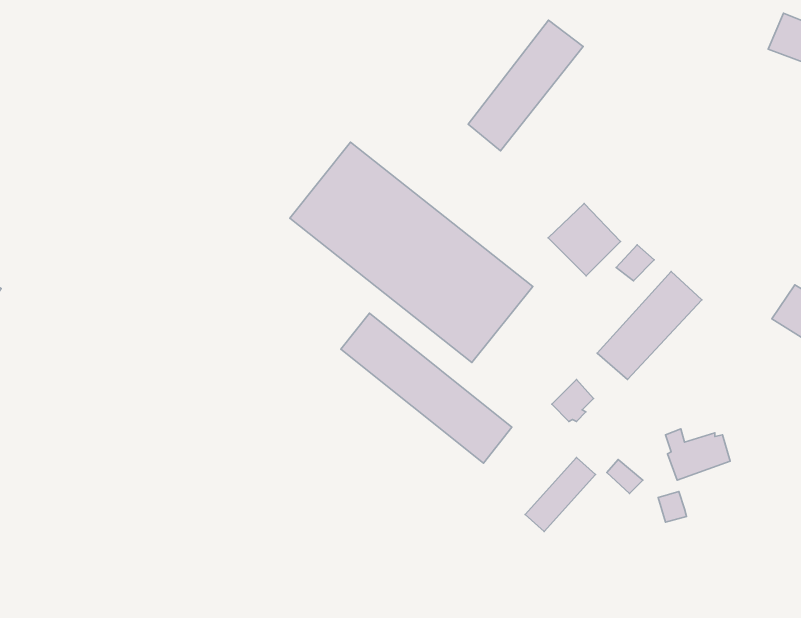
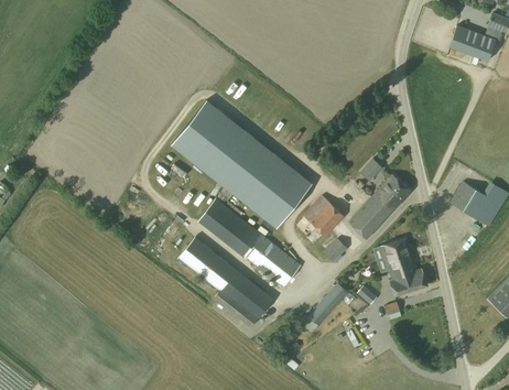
building: [468,20,583,151] -> none
building: [548,204,620,276] -> [301,195,343,237]
building: none -> [180,238,271,328]
building: none -> [381,239,418,274]

